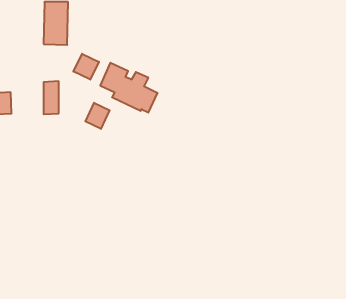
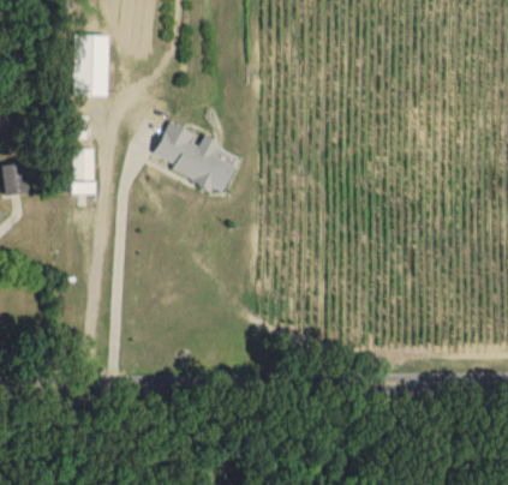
building: [73,54,99,80] -> none
building: [85,103,110,129] -> none

